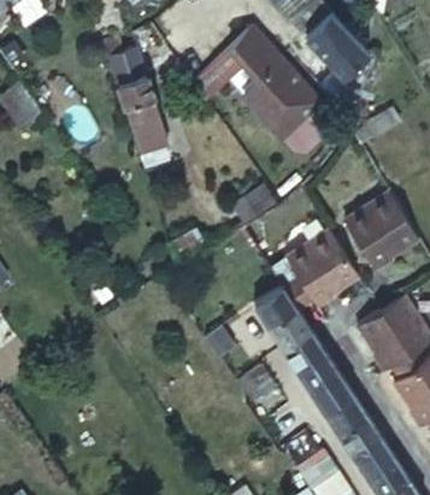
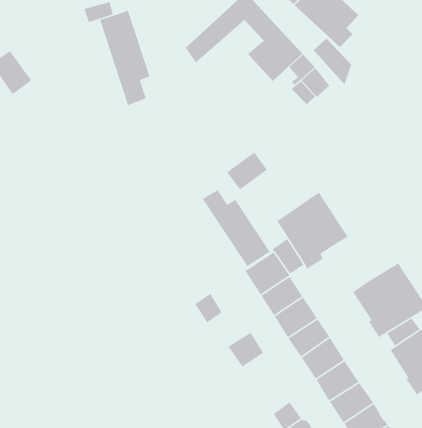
building: [344,187,416,263] -> none
building: none -> [202,189,270,267]

